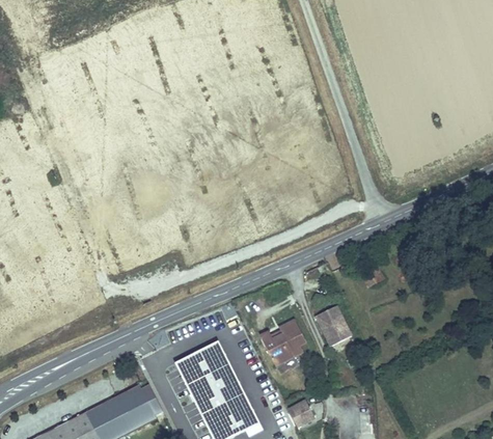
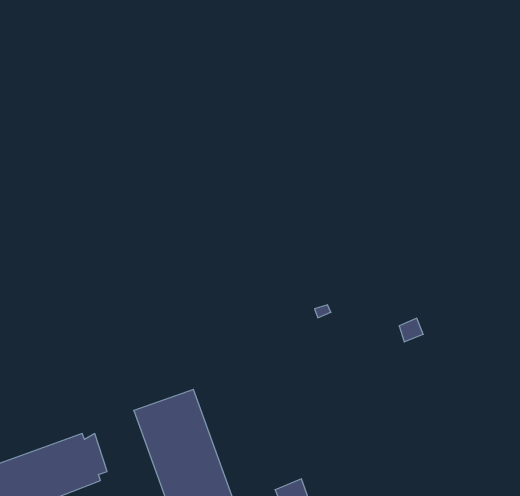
building: [311,304,347,345] -> none
building: [256,322,301,364] -> none

